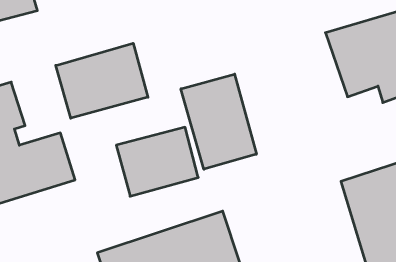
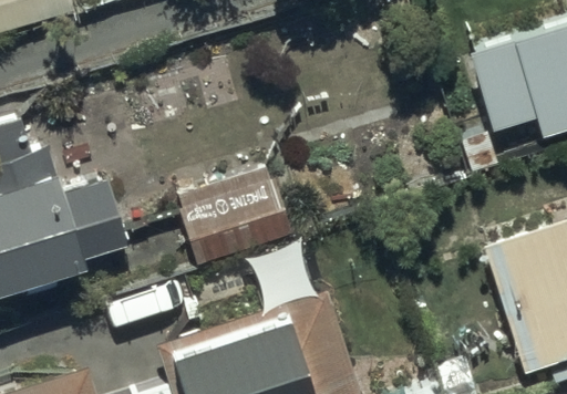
building: [56,43,148,118] -> none
building: [181,74,256,169] -> none

